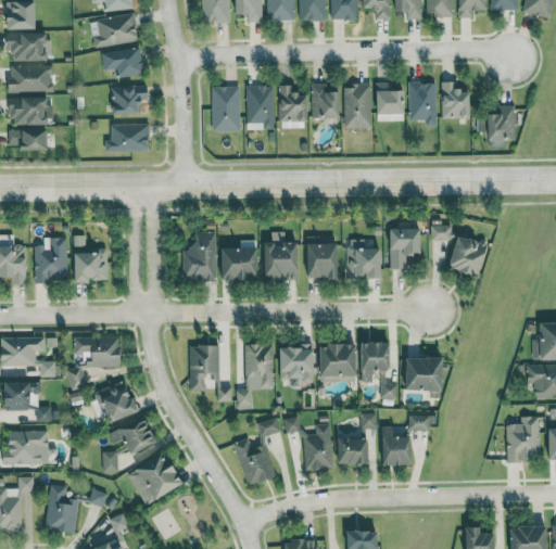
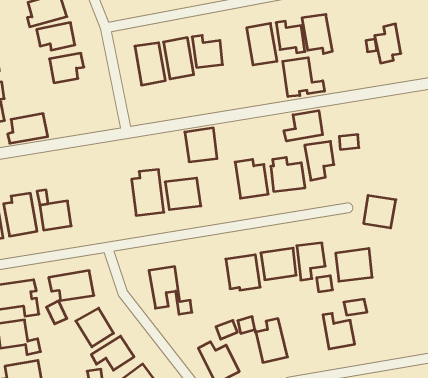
building: [440,82,471,118] -> none
building: [311,84,341,118] -> none
building: [104,124,150,152] -> [8,114,48,143]
building: none -> [283,58,324,97]
building: none -> [284,111,323,141]
building: [448,235,490,277] -> [364,195,396,228]
building: [265,244,299,280] -> [185,128,217,162]
building: [236,344,273,409] -> none
building: [338,413,378,465] -> none

